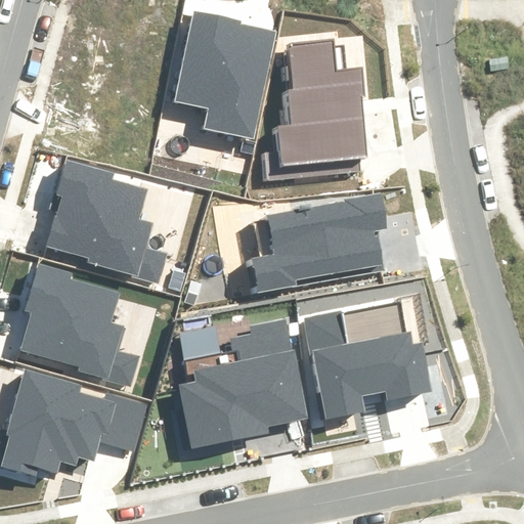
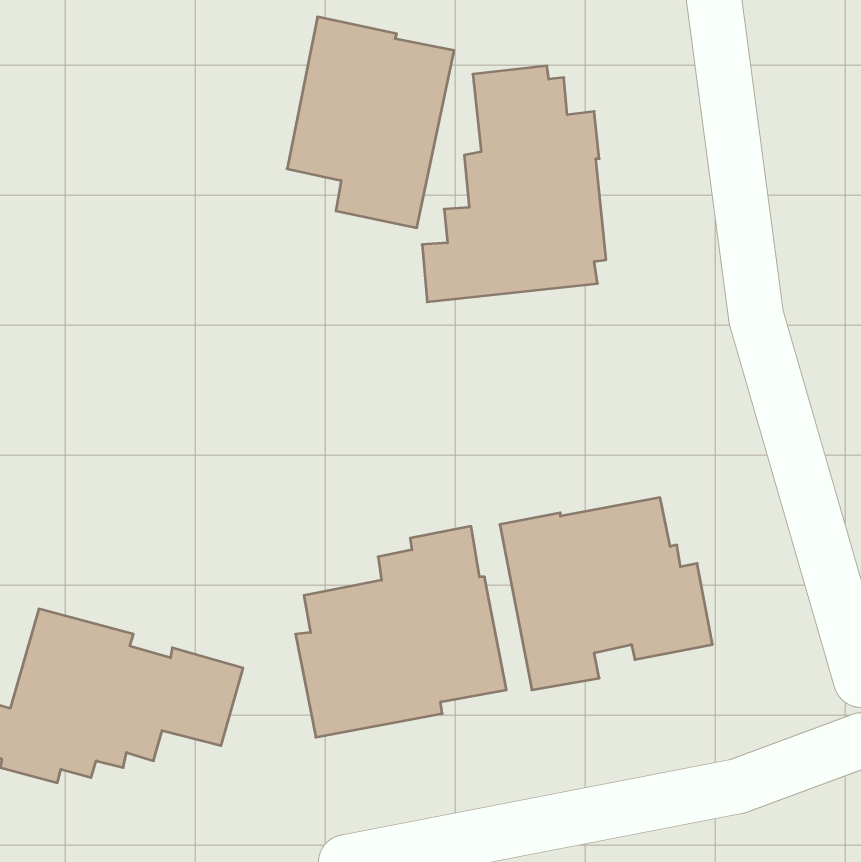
building: [46,159,165,281] -> none
building: [244,192,386,295] -> none
building: [20,262,137,386] -> none

